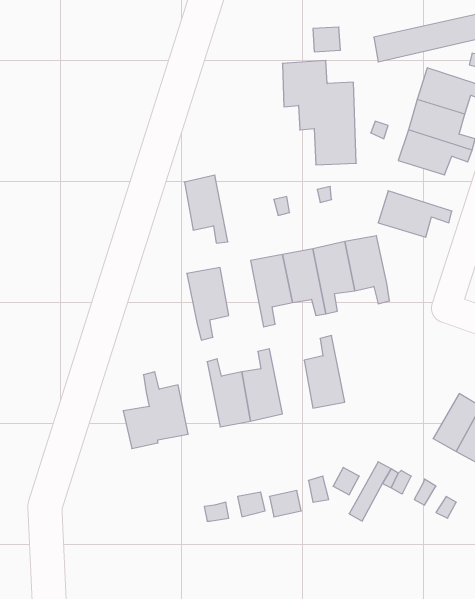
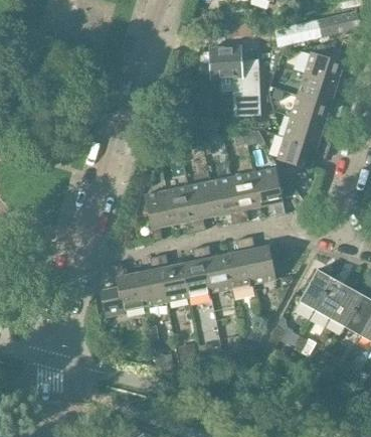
building: none -> [284,115,331,150]
building: [184,175,228,243] -> [167,184,197,232]
building: none -> [244,236,275,283]
building: none -> [201,245,231,291]
building: none -> [138,255,167,305]
building: none -> [300,268,333,308]

